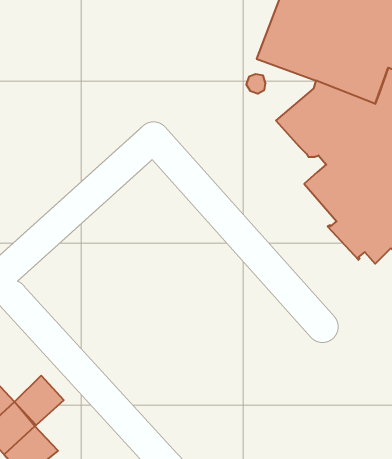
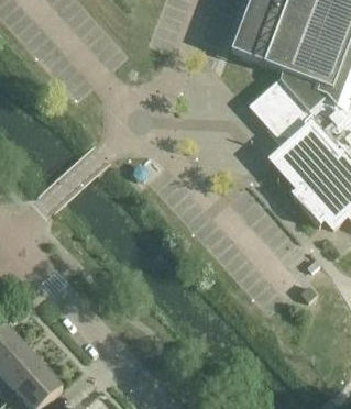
building: [14,376,64,425] -> none

